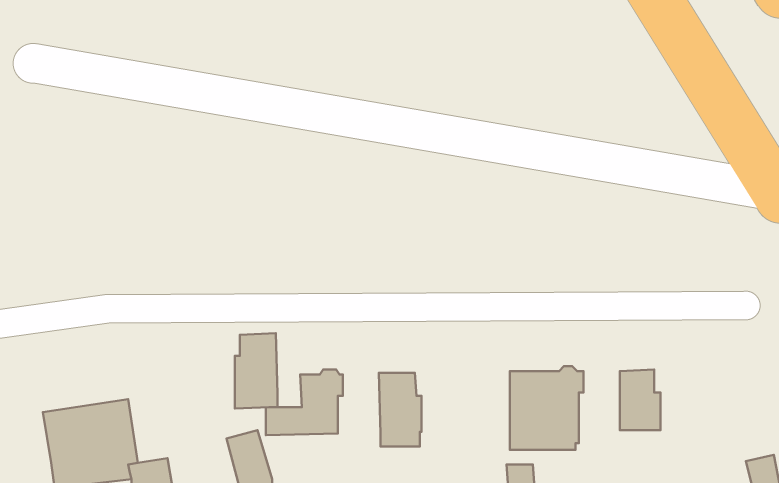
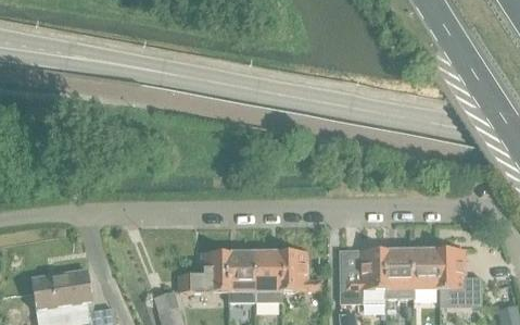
building: [235,333,277,408] -> [226,251,254,301]
building: none -> [435,247,481,307]
building: none -> [277,248,321,290]
building: none -> [385,250,413,298]

